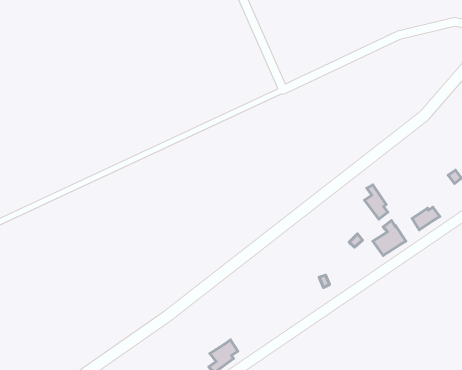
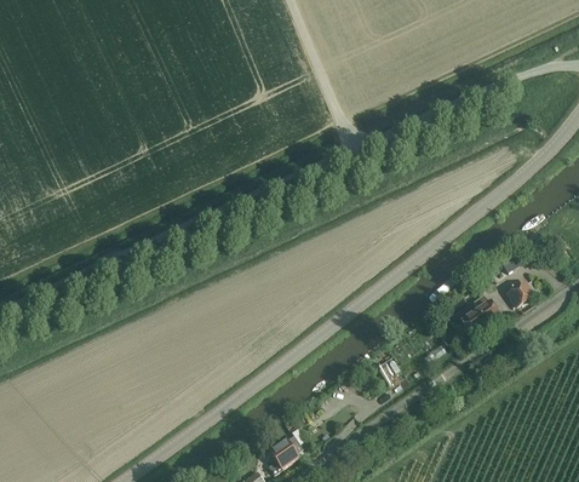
building: [365,185,388,219] -> none

